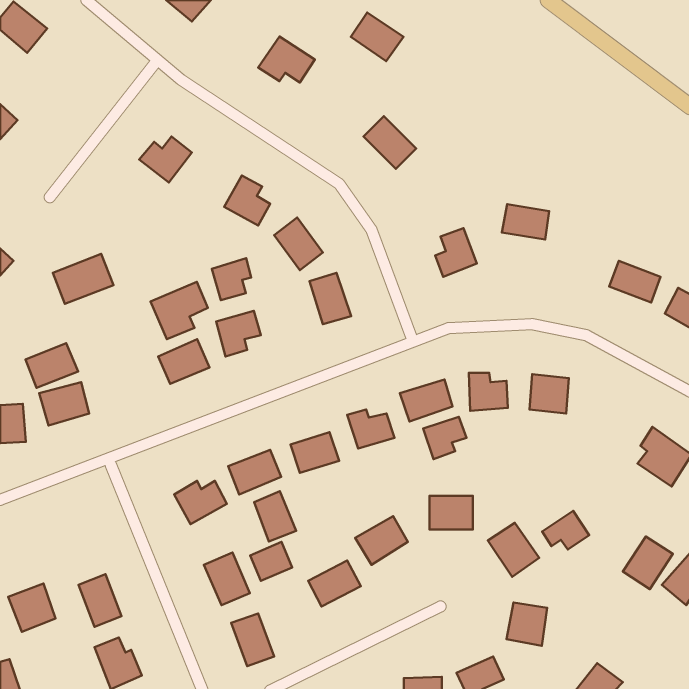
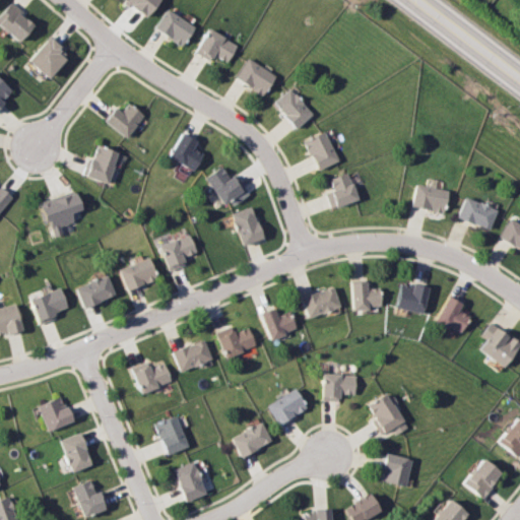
building: none -> [156,9,196,47]
building: [351,13,404,61] -> [237,58,276,94]
building: none -> [30,38,70,78]
building: none -> [305,131,340,171]
building: none -> [88,145,120,184]
building: [502,204,549,239] -> [413,185,449,211]
building: [212,258,251,300] -> none
building: [151,282,208,339] -> none
building: [26,343,78,388] -> [76,274,116,308]
building: none -> [437,296,471,333]
building: [423,417,466,459] -> none
building: [254,491,296,541] -> none
building: [542,511,589,549] -> none
building: [623,536,673,589] -> [465,459,503,499]
building: [250,542,292,581] -> none
building: [8,583,56,632] -> [38,396,73,433]

